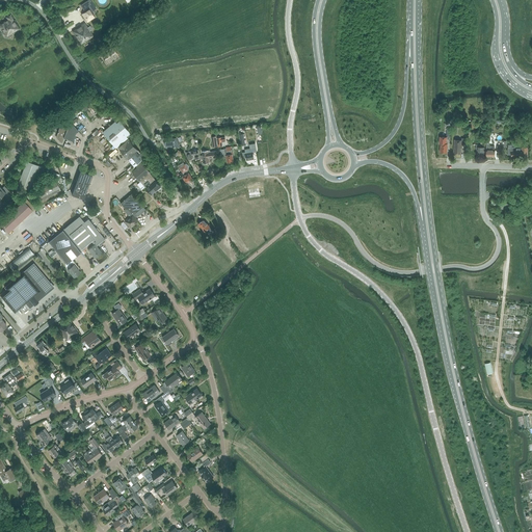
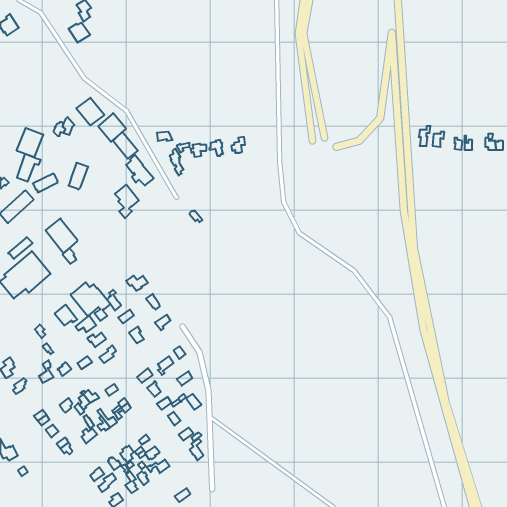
building: none -> [76,98,104,125]
building: none -> [17,128,43,157]
building: [63,216,105,257] -> [71,282,110,321]

